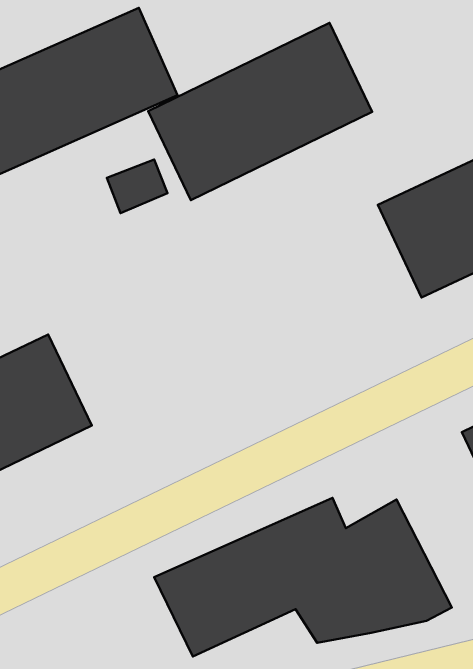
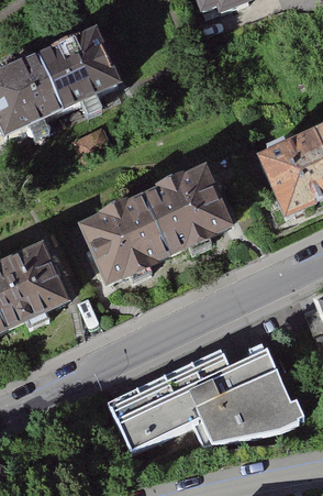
building: [148,23,372,200] -> none
building: none -> [76,164,232,287]

